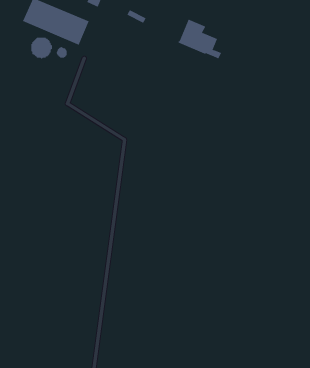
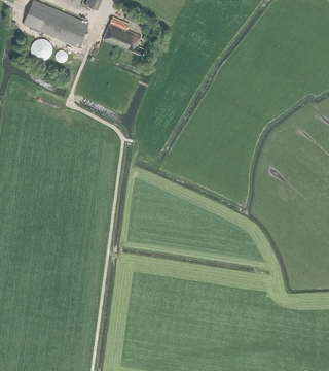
building: [178,19,222,59] -> [102,15,145,55]

